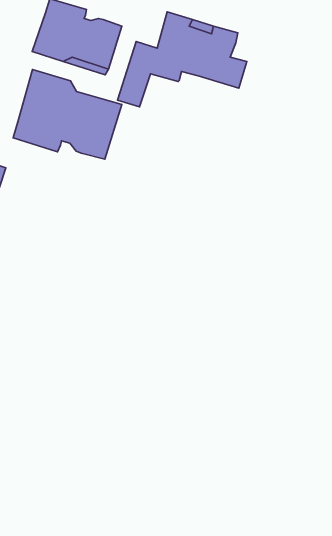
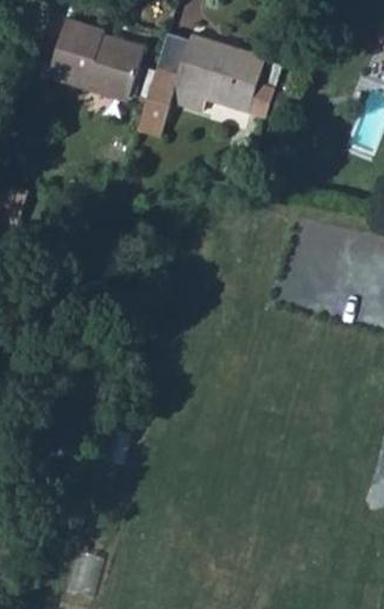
building: [13,70,122,159] -> none

